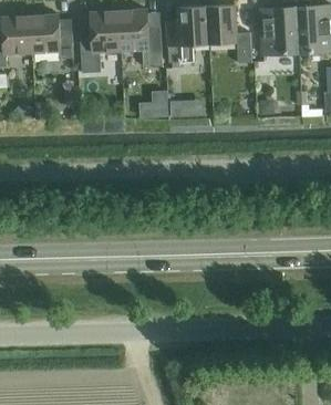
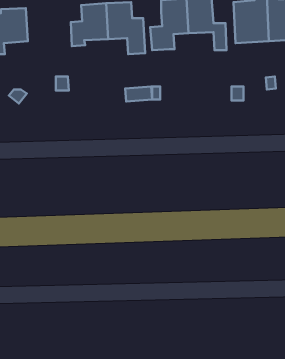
building: [30,14,73,60] -> none

